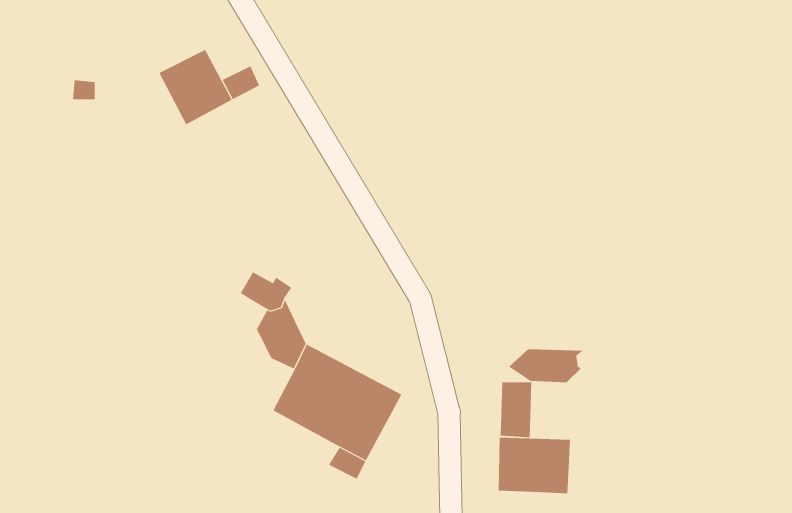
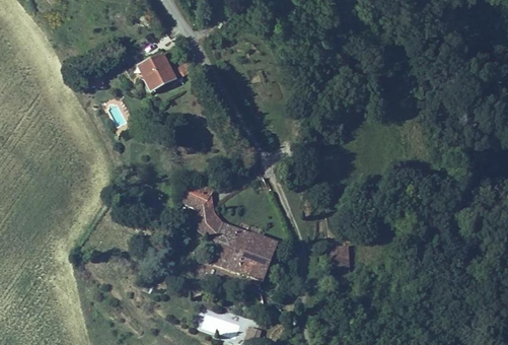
building: [508,348,585,383] -> none
building: [498,437,571,494] -> none

